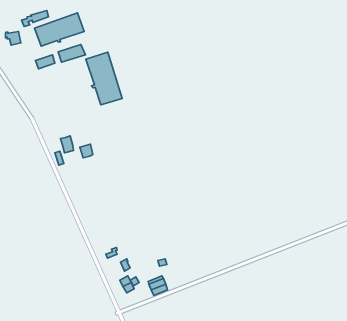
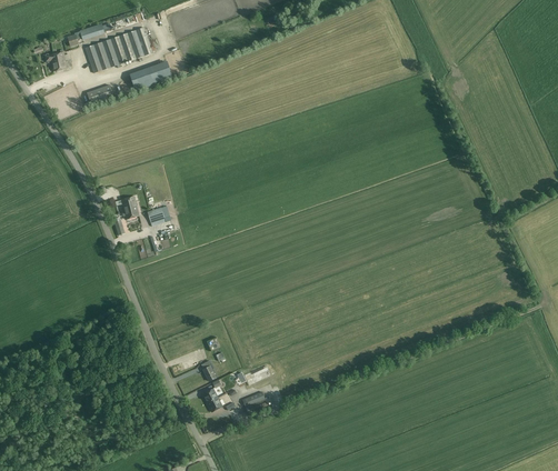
building: [86,52,122,105] -> none

